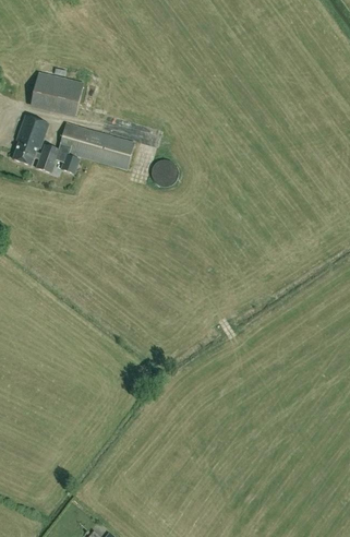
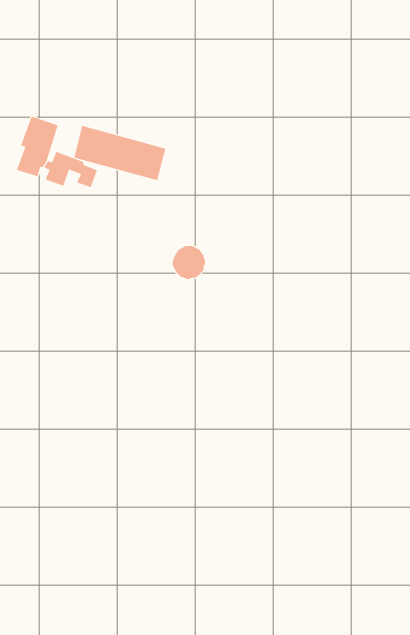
building: [31,72,83,115] -> none
building: [149,159,177,187] -> [172,246,206,280]

